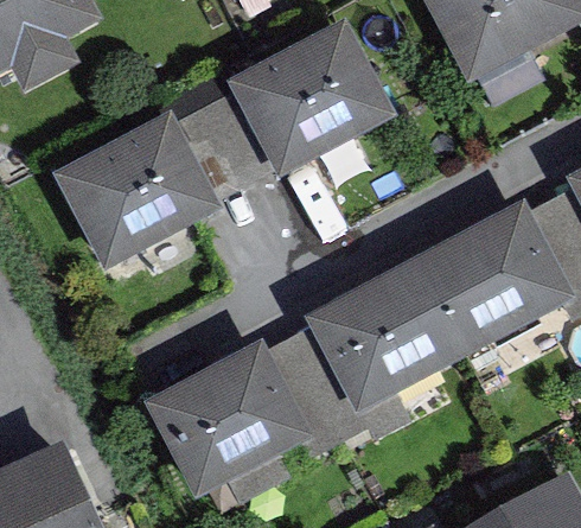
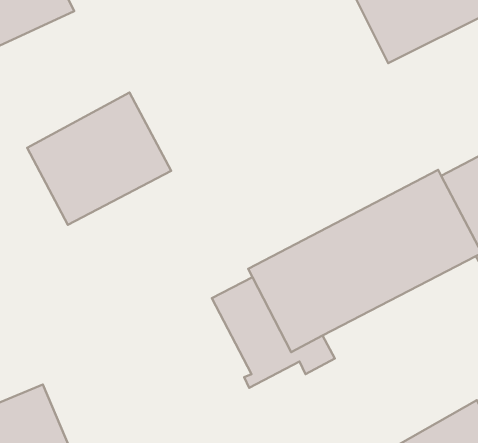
building: [235,27,396,174] -> none
building: [145,343,313,498] -> none

